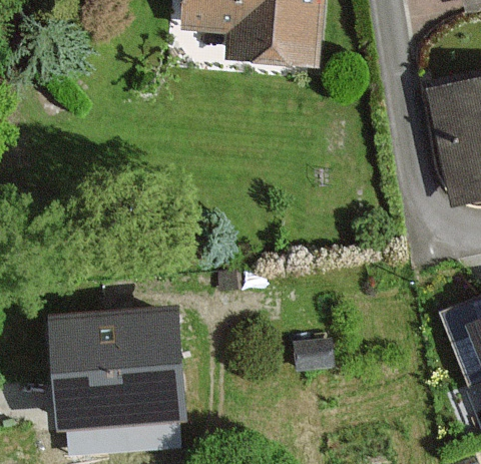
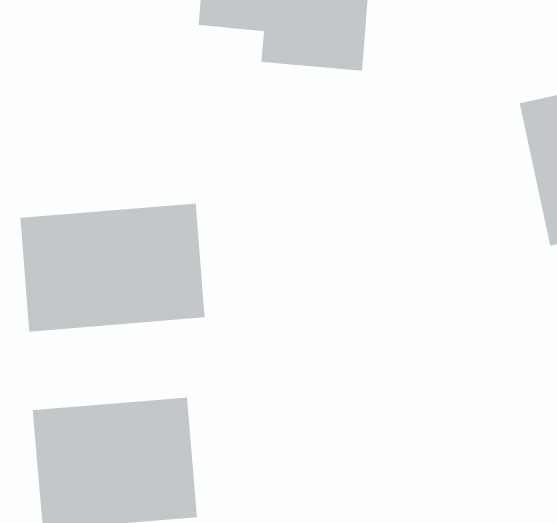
building: none -> [20,203,205,332]

